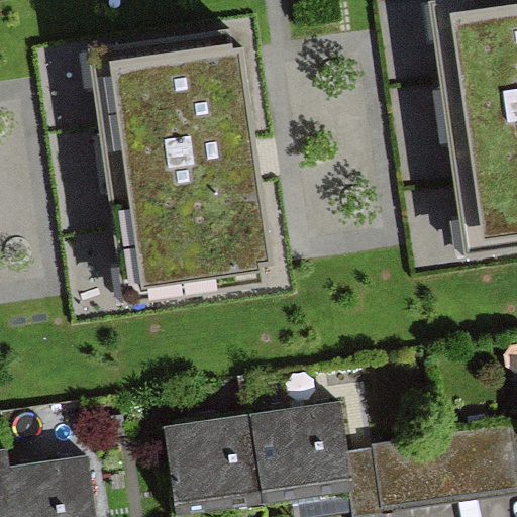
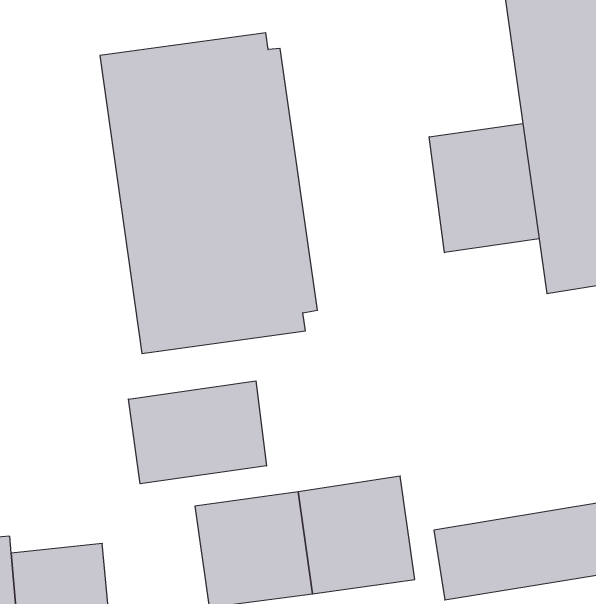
building: none -> [429,124,539,253]
building: none -> [128,381,266,484]

